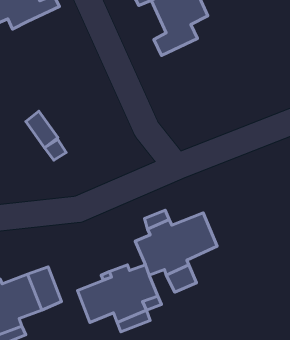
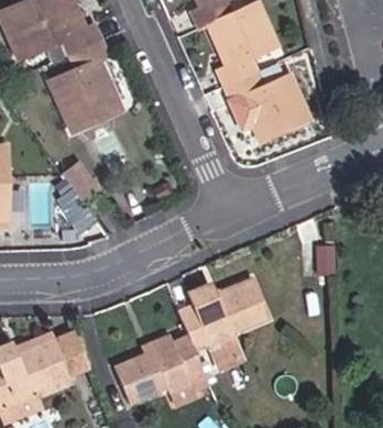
building: none -> [41,30,111,120]
building: none -> [218,58,305,136]

